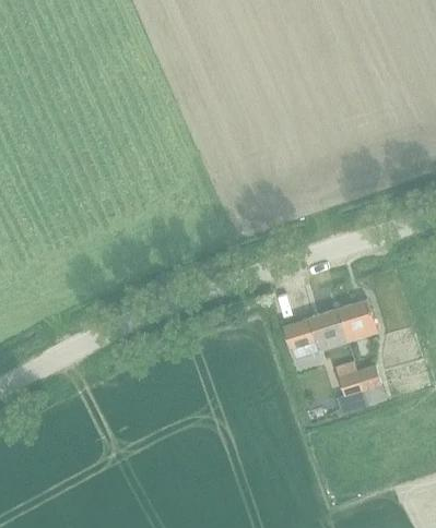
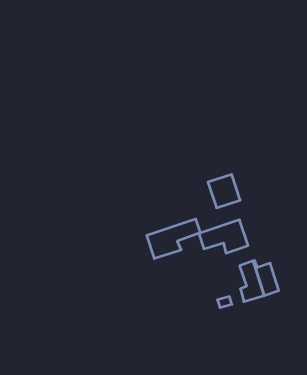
building: [335,298,377,340] -> [208,174,240,208]
building: none -> [147,219,200,259]

